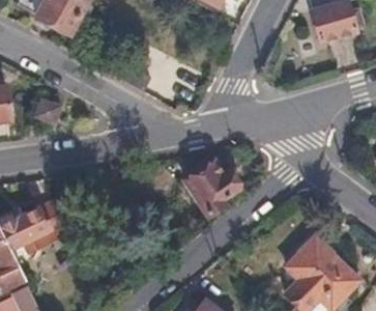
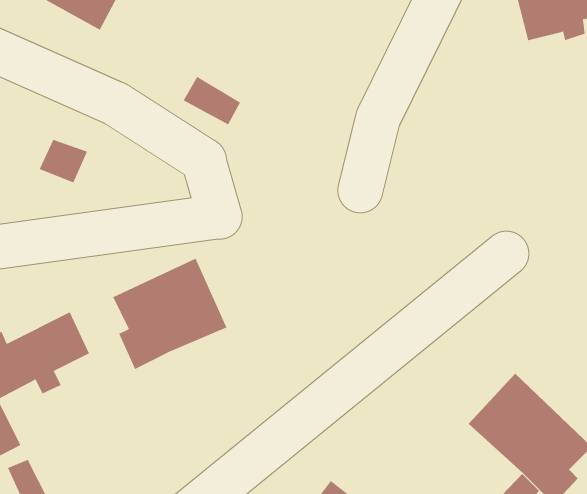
building: [184,163,237,217] -> none
building: none -> [113,258,227,370]

